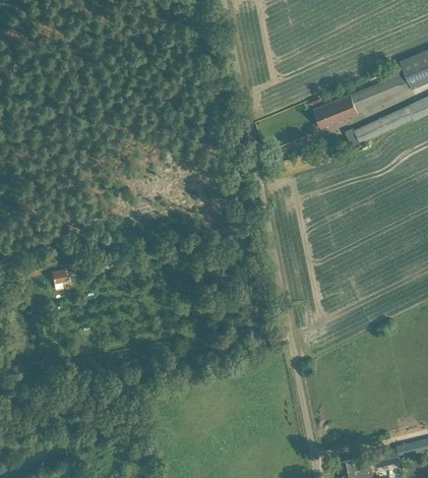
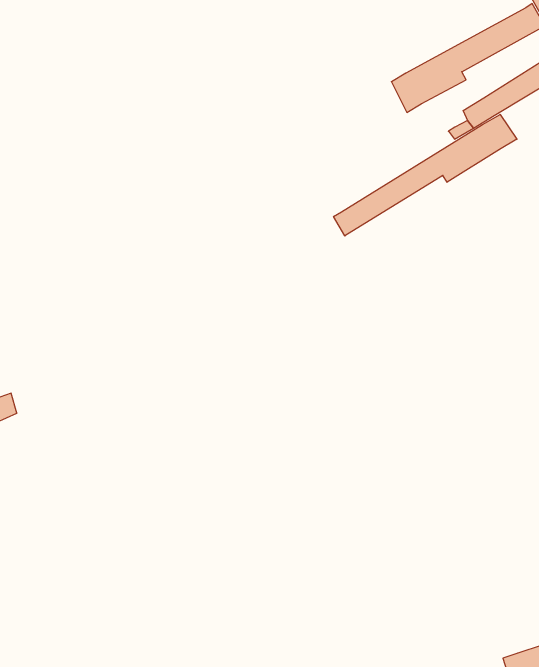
building: none -> [334,114,517,236]

